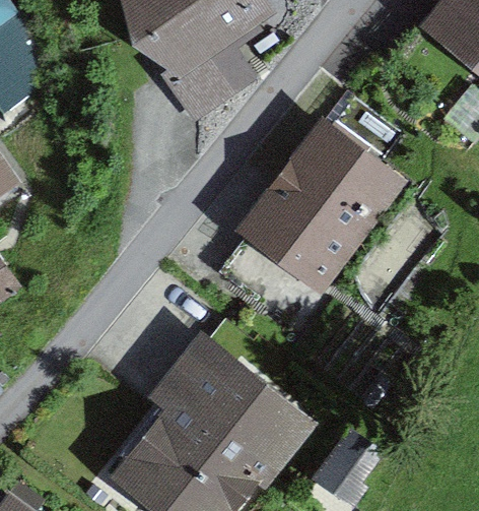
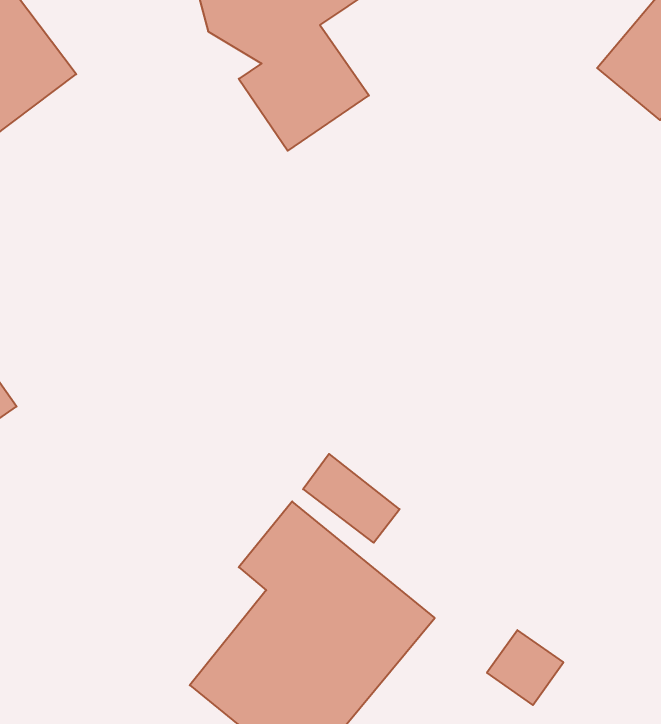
building: [226,132,385,328] -> none

